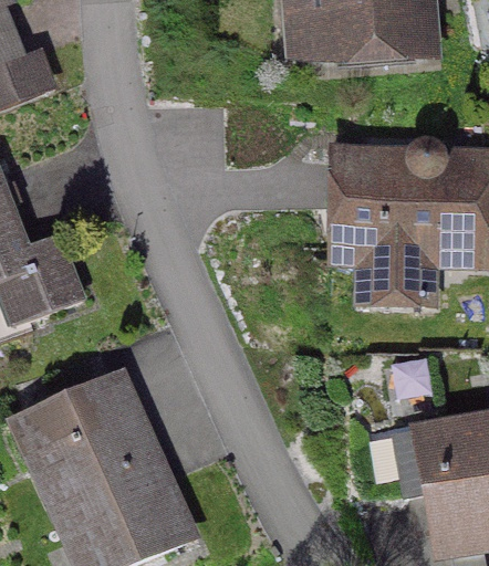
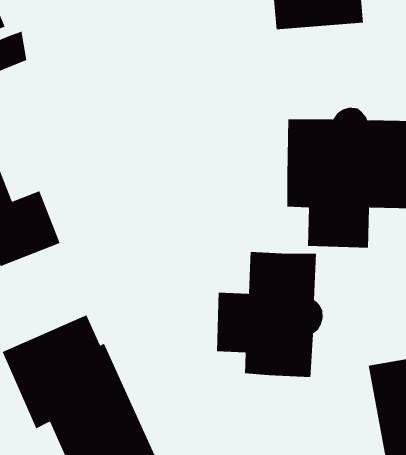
building: none -> [216,251,323,378]

